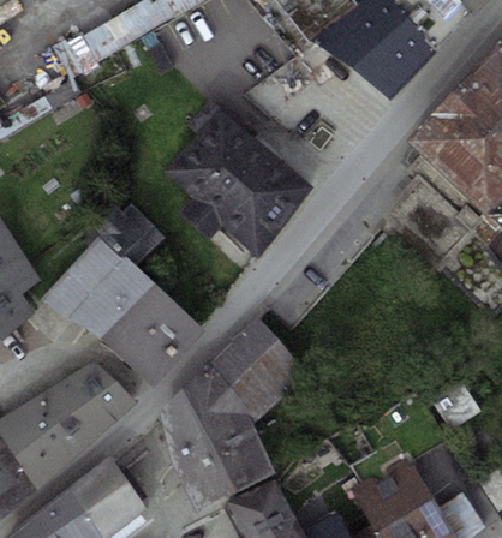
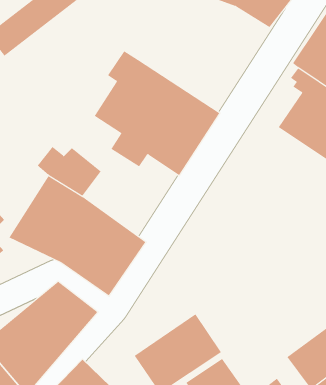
building: [161,315,310,461] -> none

